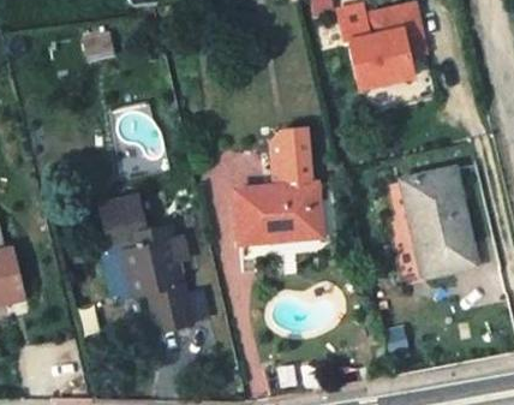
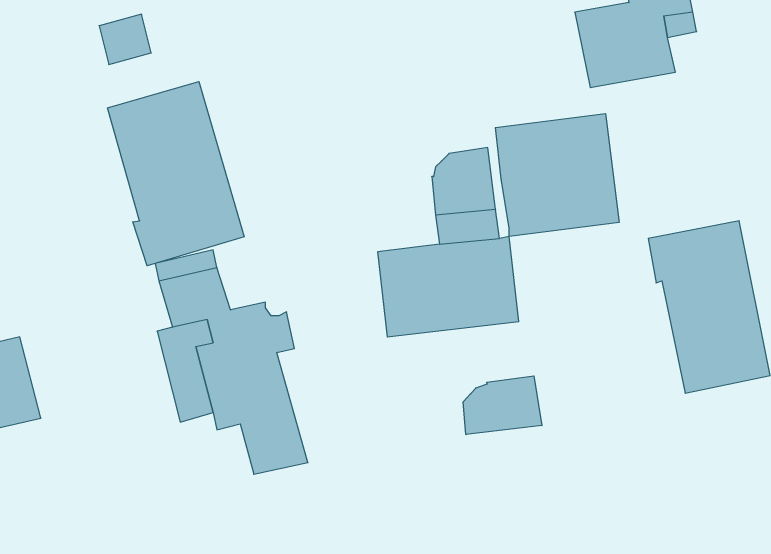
building: none -> [107,82,244,266]
building: none -> [495,114,619,236]
building: none -> [463,376,542,435]

